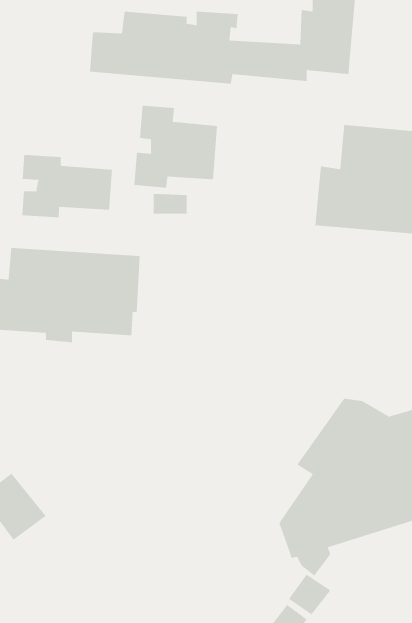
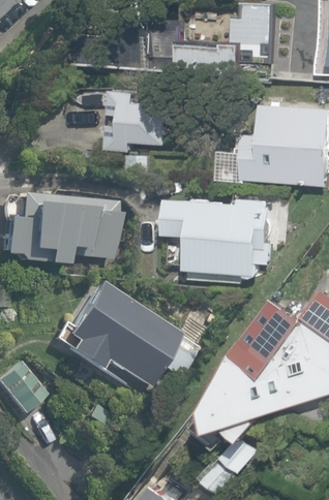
building: [22,154,113,218] -> none
building: none -> [167,192,271,283]
building: none -> [62,281,191,387]

